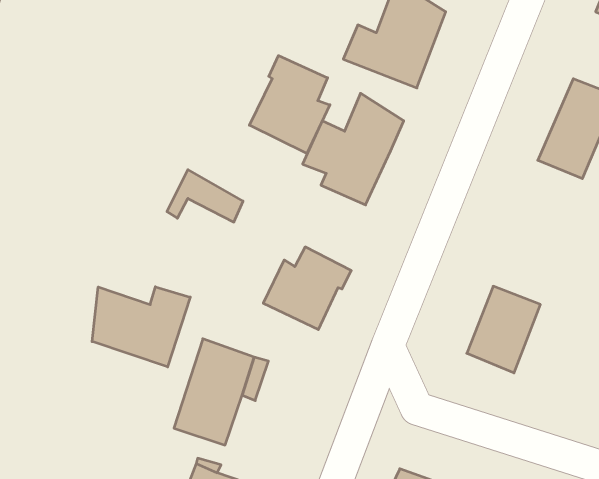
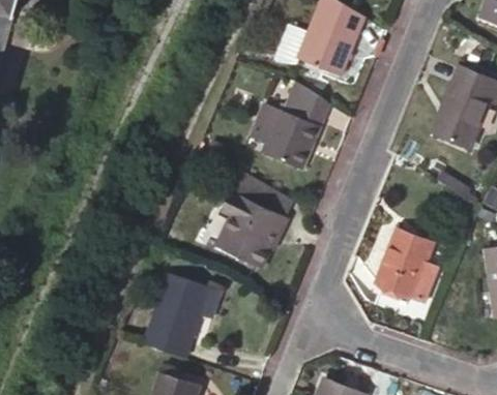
building: [249,56,330,153] -> none
building: [167,170,243,222] -> [235,179,295,220]
building: [92,287,190,367] -> none

